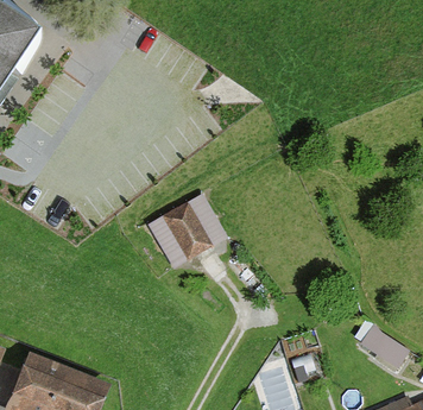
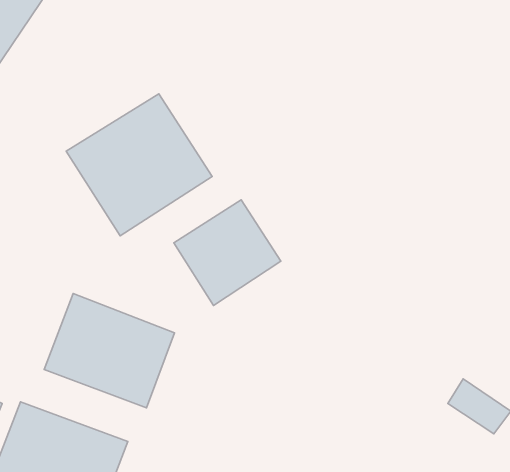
building: none -> [66,94,212,236]
building: none -> [44,294,175,408]

